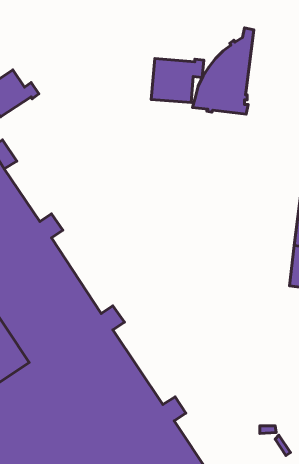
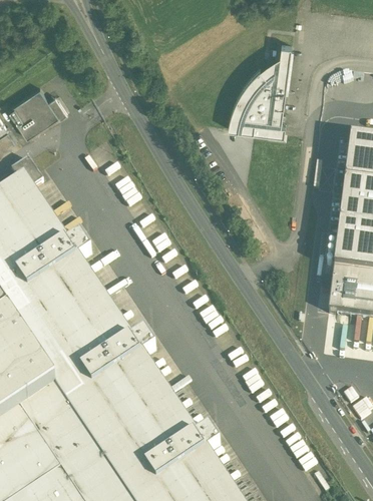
building: [151,59,204,103] -> none

